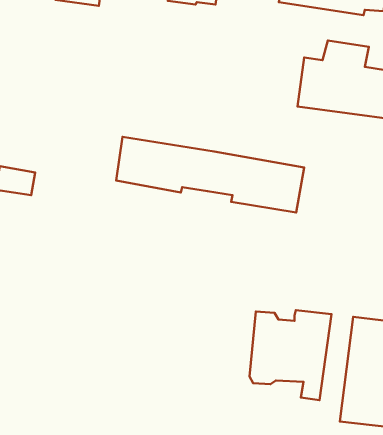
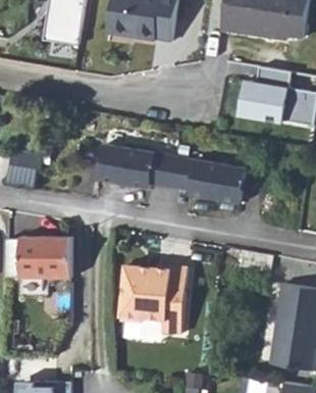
building: none -> [22,236,73,278]
building: [249,310,331,400] -> [128,264,192,334]

